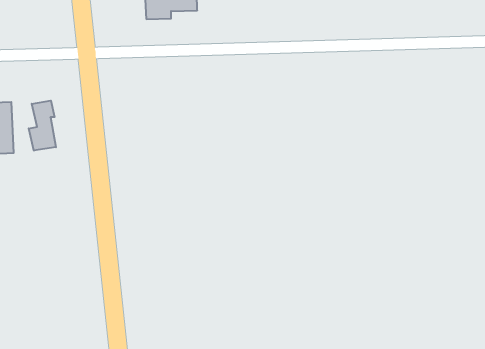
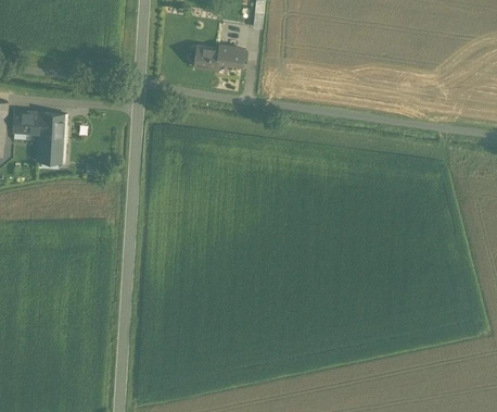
building: [29,101,56,151] -> none

